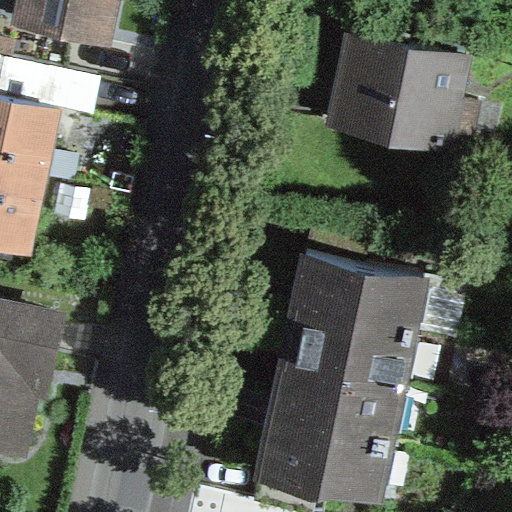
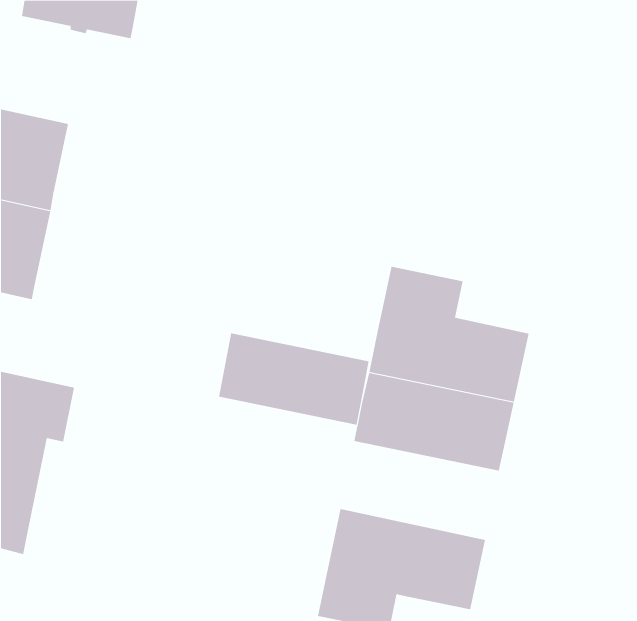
building: [333,38,468,151] -> none
building: none -> [219,332,369,426]
building: [273,367,401,446] -> none

